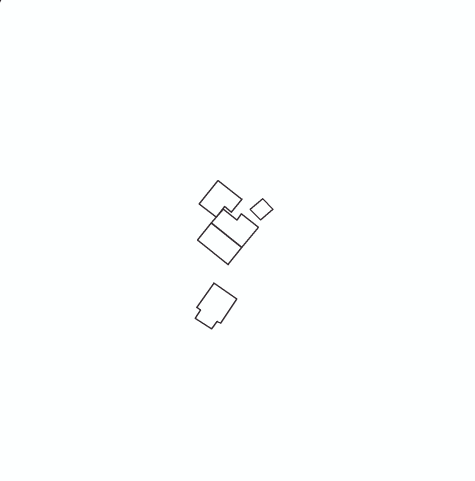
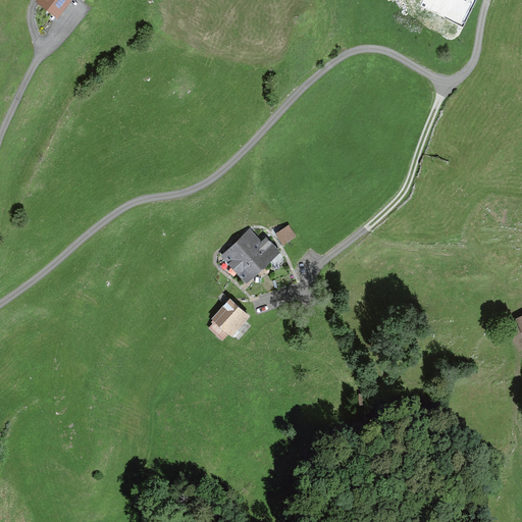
building: [199,181,242,217] -> none

